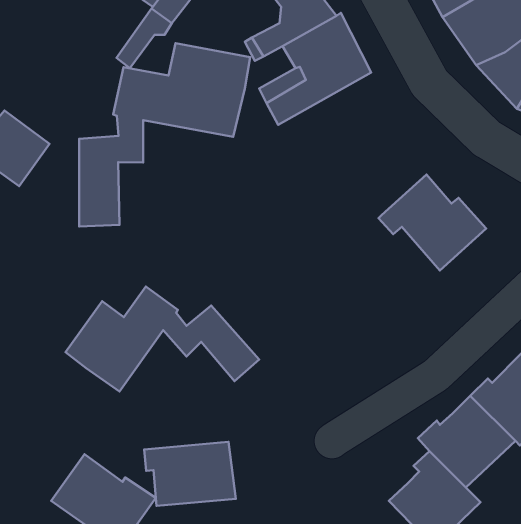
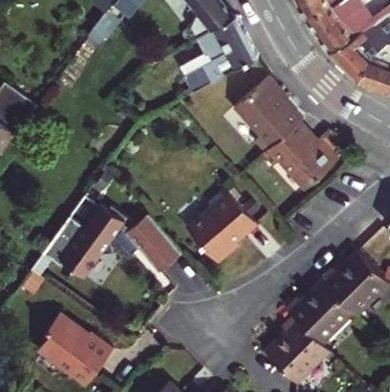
building: [79,43,250,226] -> none
building: none -> [235,81,298,155]
building: none -> [189,186,258,258]
building: [144,442,236,506] -> none

